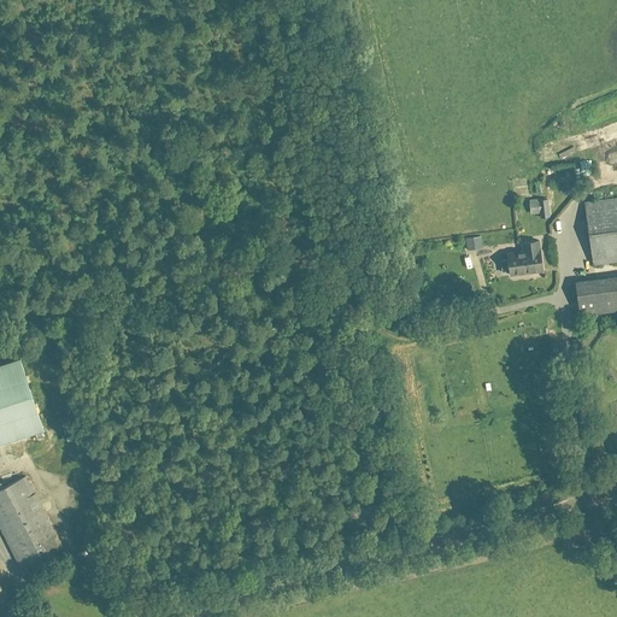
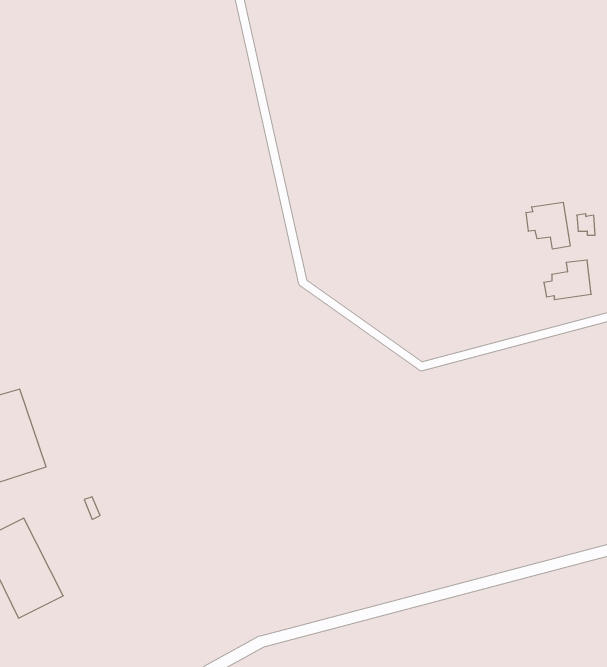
building: none -> [526,202,570,249]

